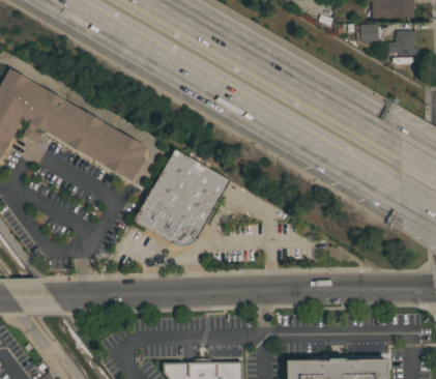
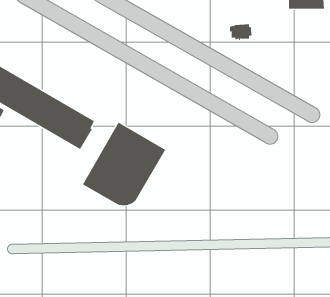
building: [354,24,381,43] -> [229,24,252,41]
building: [388,31,415,63] -> none

